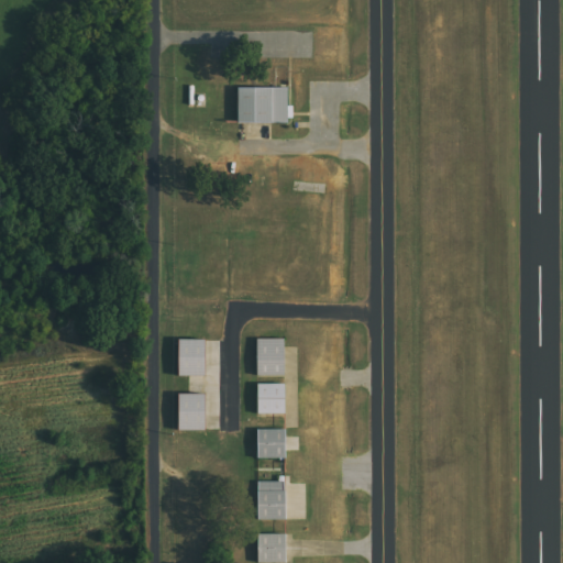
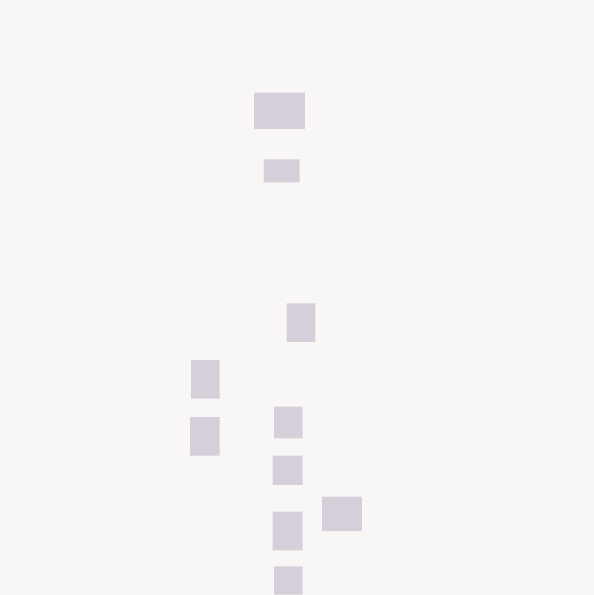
building: none -> [263,159,300,183]
building: [255,338,284,375] -> [286,303,316,342]
building: none -> [322,496,363,532]

